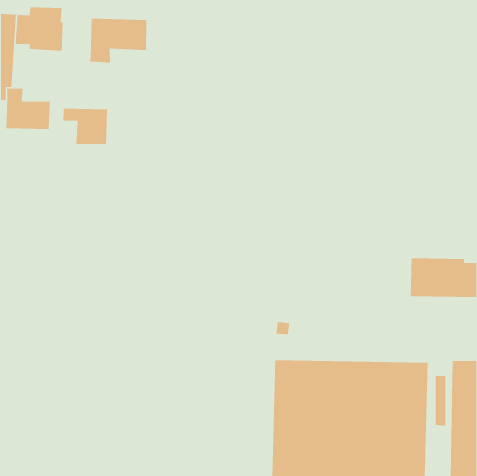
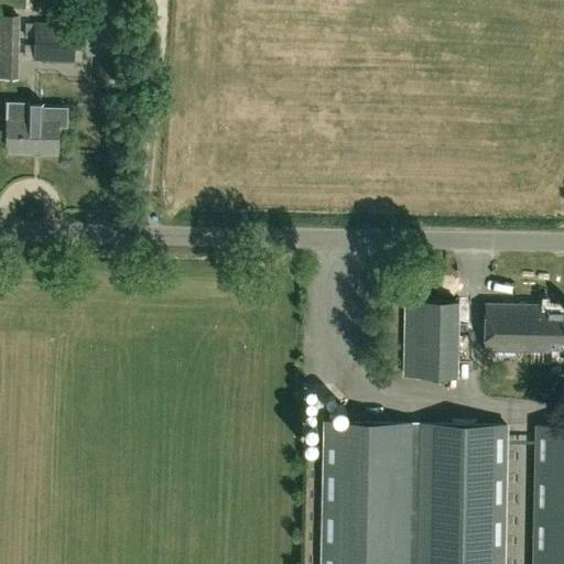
building: [89,18,147,63] -> none
building: [62,108,108,145] -> none
building: none -> [404,300,458,373]

